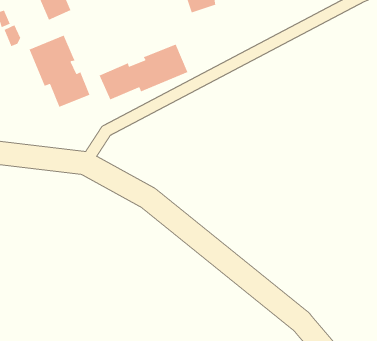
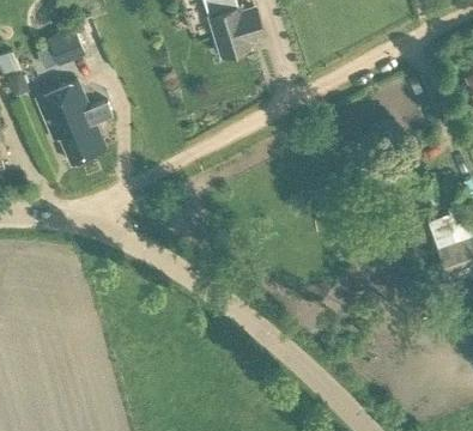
building: [98,43,188,100] -> none

